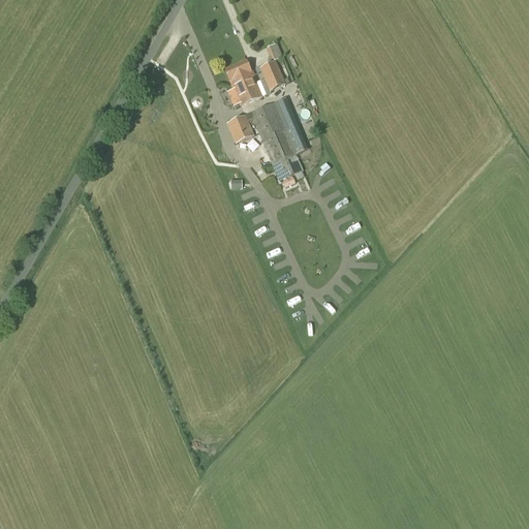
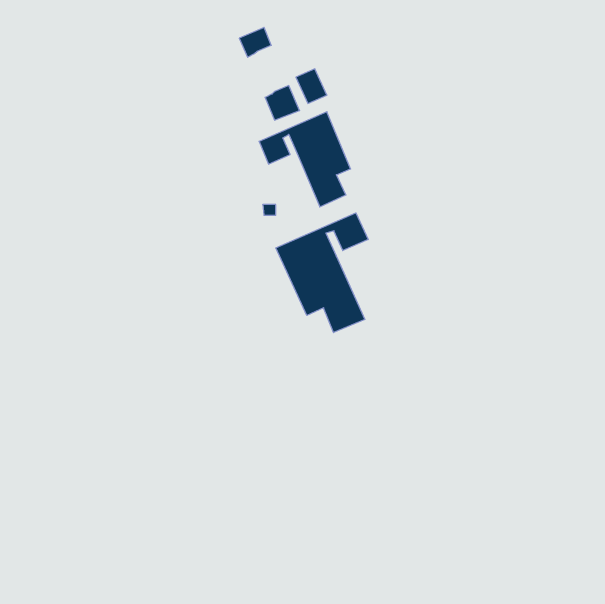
building: [223,59,251,85] -> [239,27,271,57]
building: none -> [276,213,368,333]

